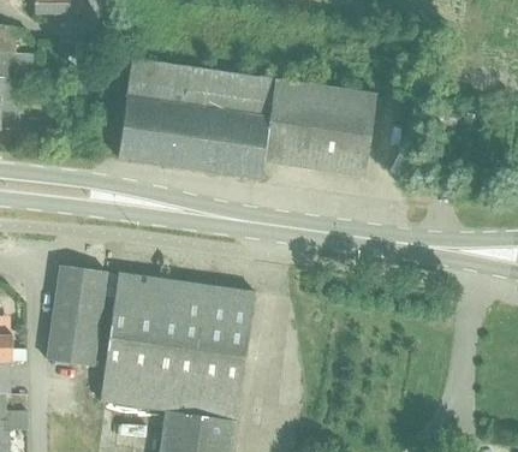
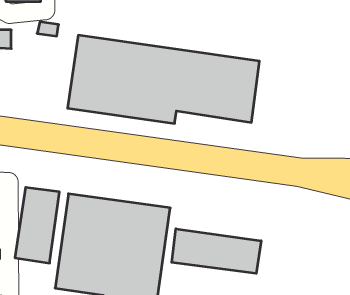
building: none -> [172,229,261,273]

